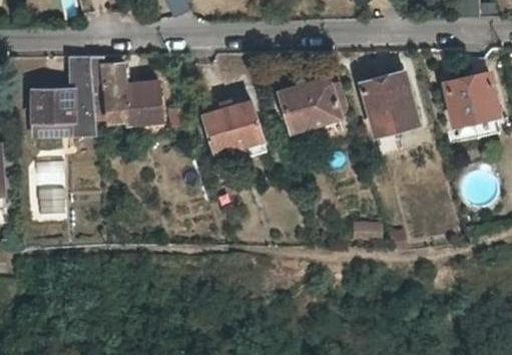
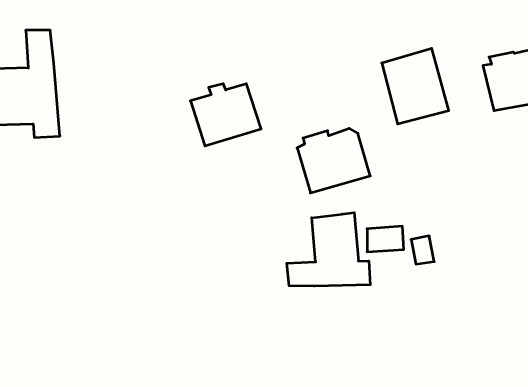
building: [89,56,161,124] -> none
building: [281,77,341,130] -> [297,128,370,193]
building: none -> [287,213,370,286]

